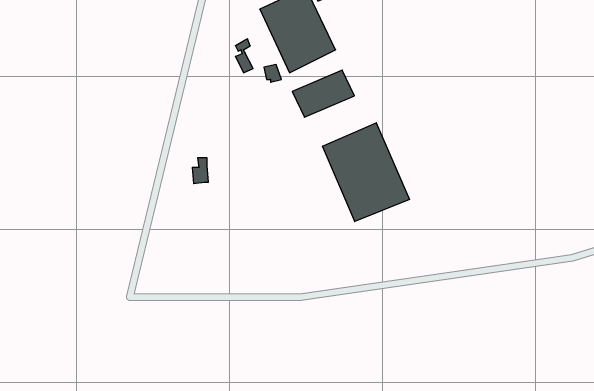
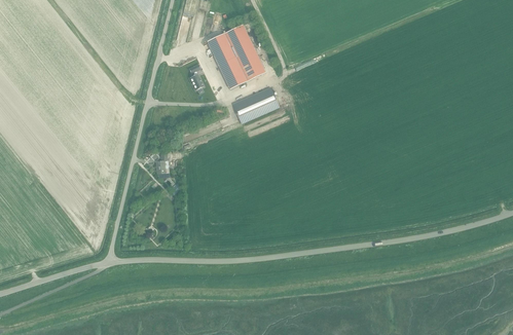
building: [323,123,410,222] -> none

